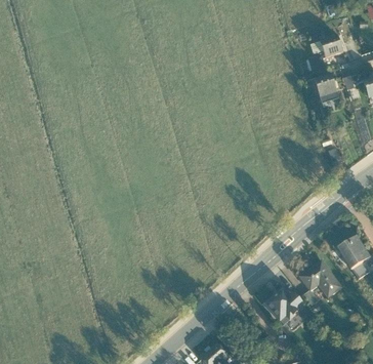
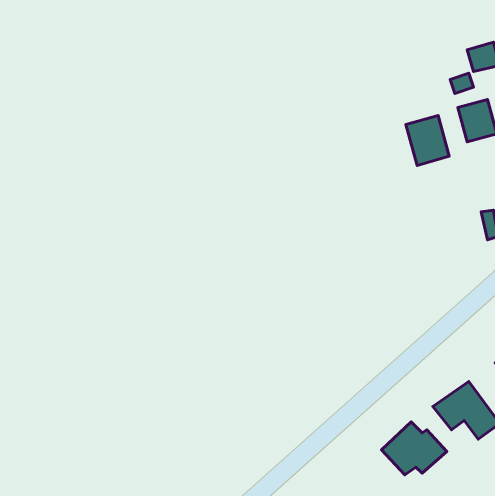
building: none -> [406,115,449,165]

